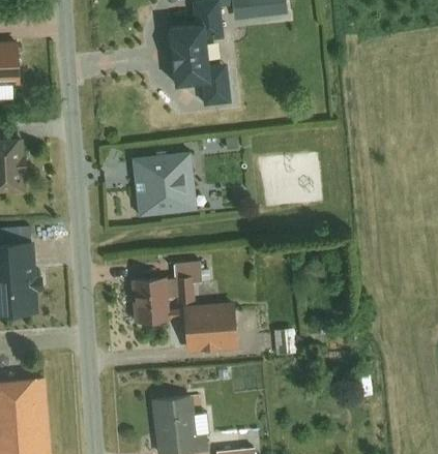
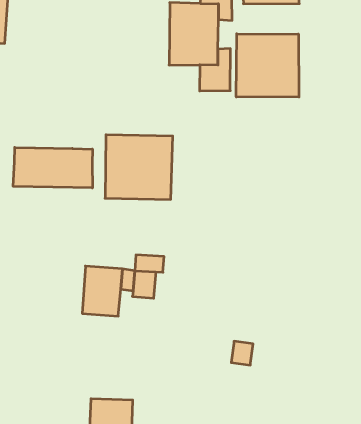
building: none -> [236,34,299,97]
building: none -> [13,147,92,188]
building: [176,304,233,347] -> none

